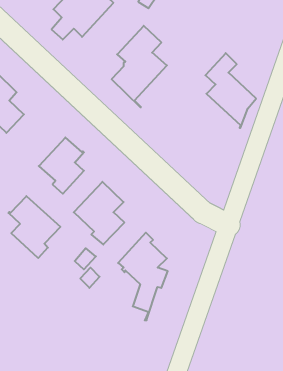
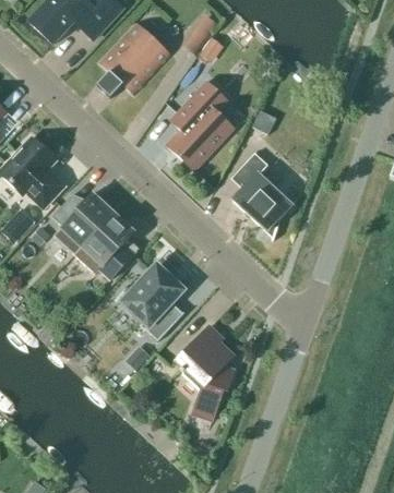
building: [205,53,256,128] -> [231,152,291,240]
building: none -> [51,192,114,246]
building: [8,196,60,258] -> none

